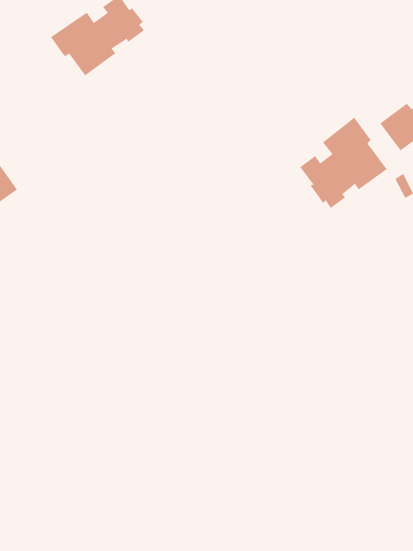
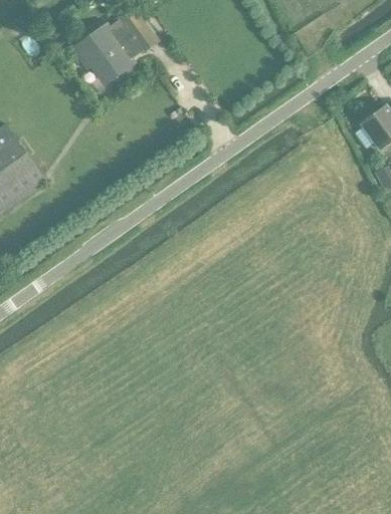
building: [299,117,387,209] -> none

